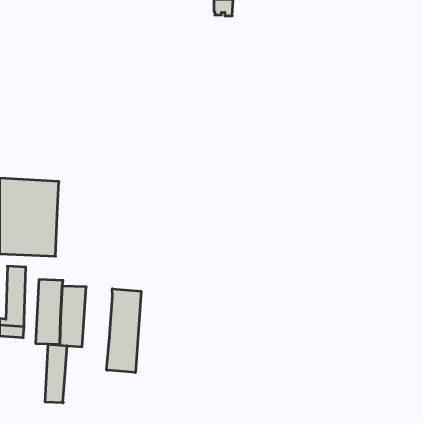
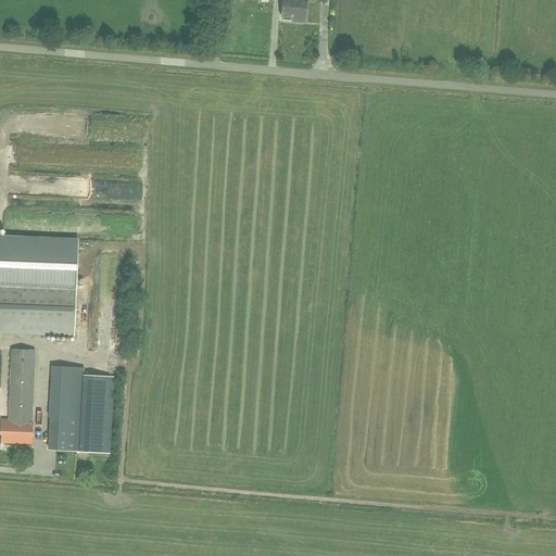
building: [107,289,141,373] -> none
building: [45,344,67,403] -> none

